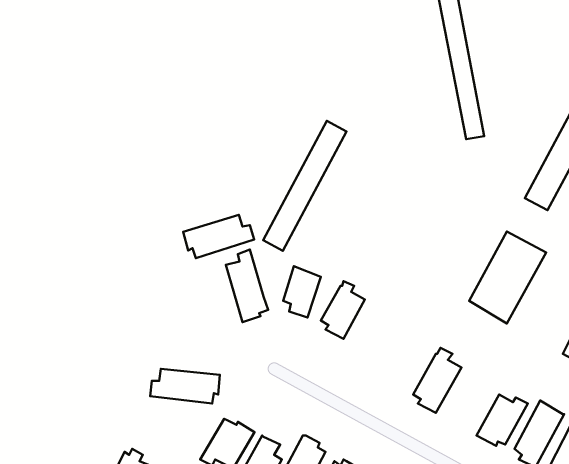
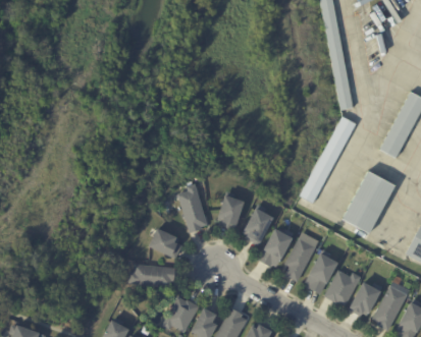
building: [263,121,346,251] -> [301,114,357,202]
building: [183,215,254,258] -> none
building: none -> [150,227,181,257]
building: none -> [259,227,294,265]
building: none -> [285,235,317,280]
building: none -> [325,269,361,304]

